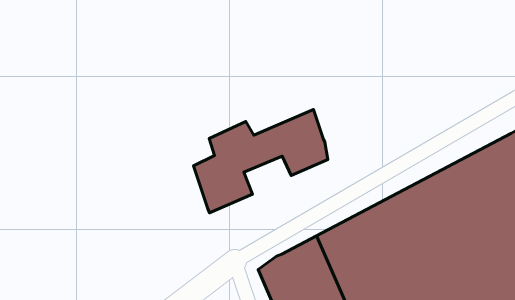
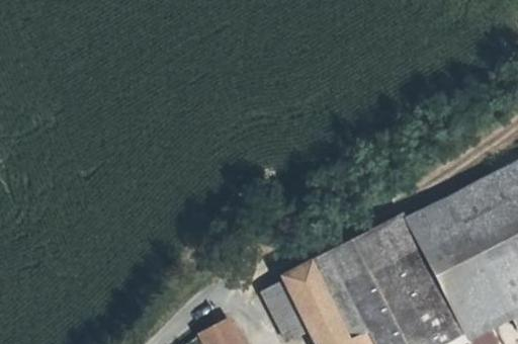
building: [193,110,328,213] -> none

